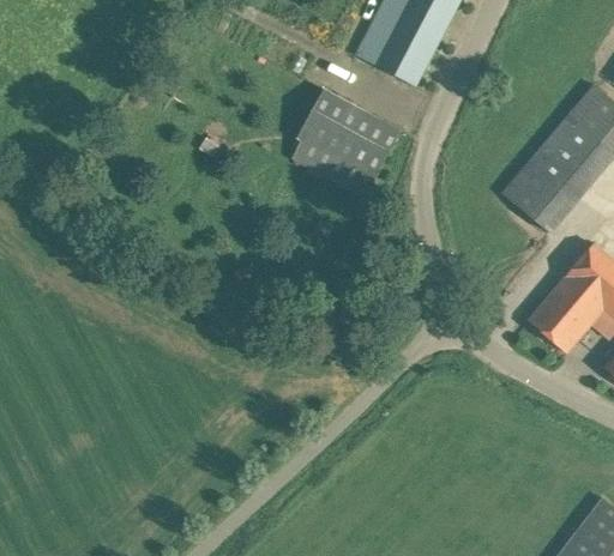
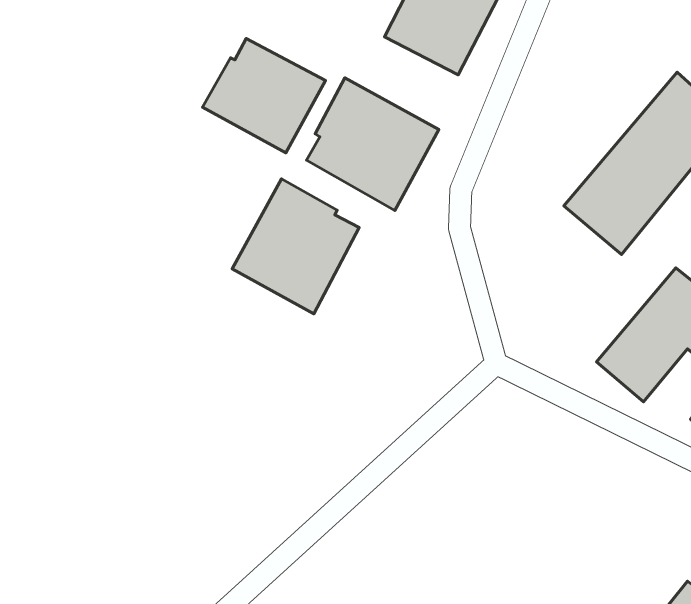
building: none -> [202,38,326,153]
building: none -> [232,179,359,314]

